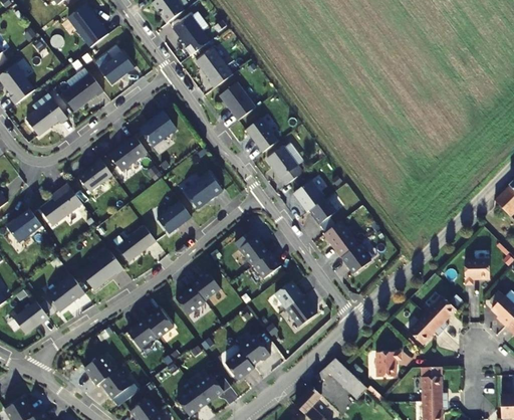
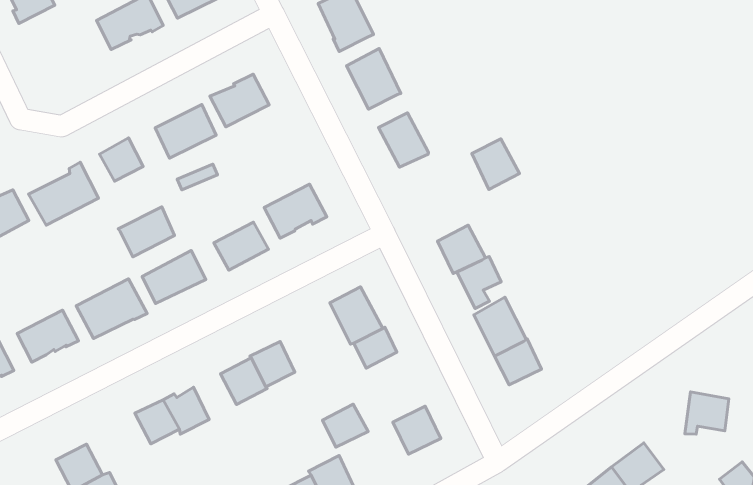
building: [25,98,67,135] -> none
building: [266,146,297,178] -> [472,139,519,189]
building: none -> [118,207,175,257]
building: [274,280,303,308] -> [323,404,368,447]

